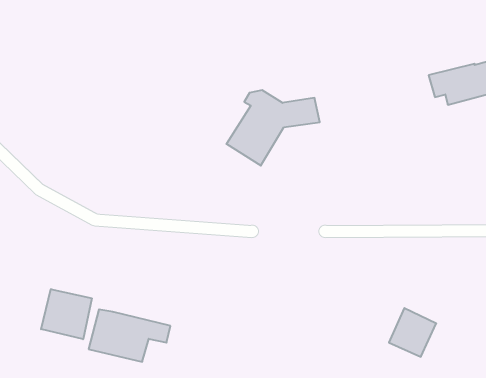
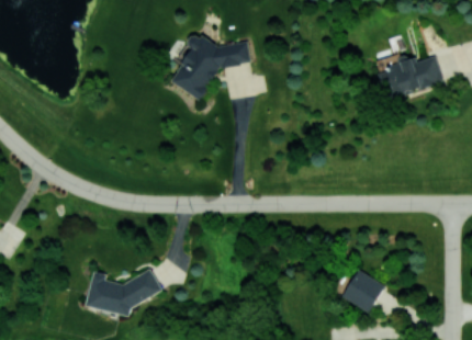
building: [226,90,320,166] -> [170,35,250,100]
building: [41,289,92,339] -> none

